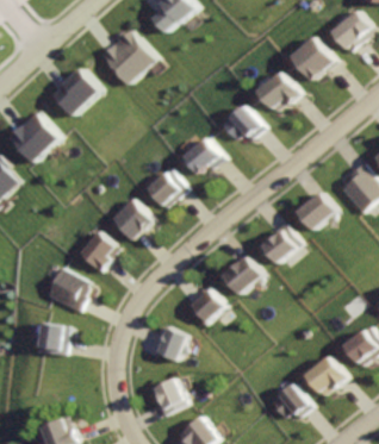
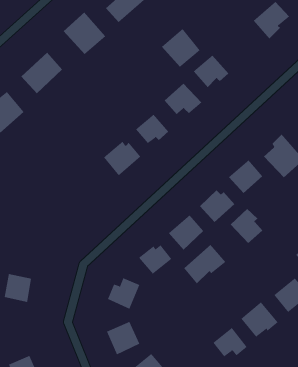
building: [286,37,331,82] -> [161,28,200,68]
building: [116,200,159,242] -> none
building: [79,231,120,275] -> none
building: none -> [230,208,263,244]
building: [43,268,89,315] -> none
building: none -> [184,244,226,284]

